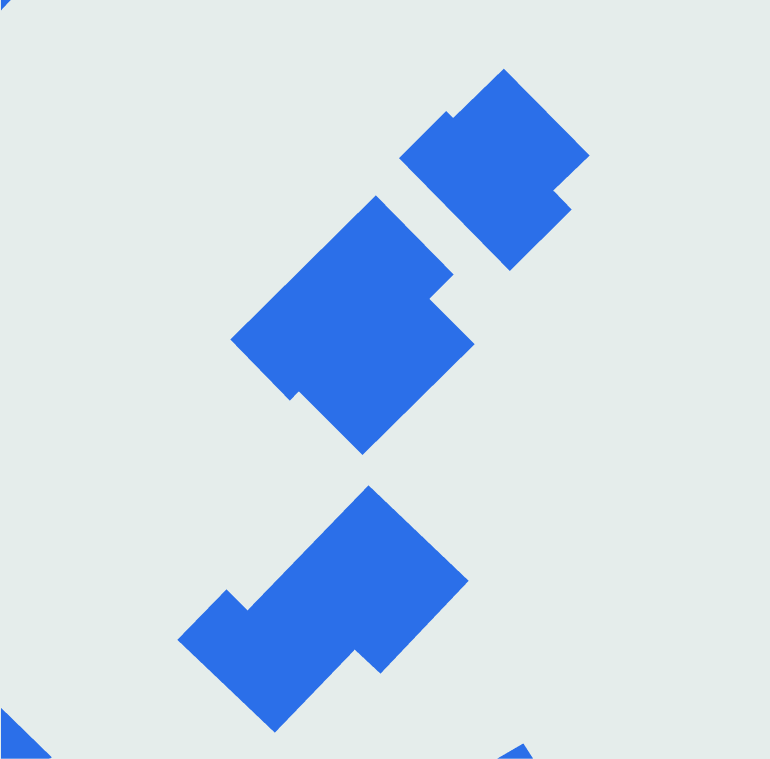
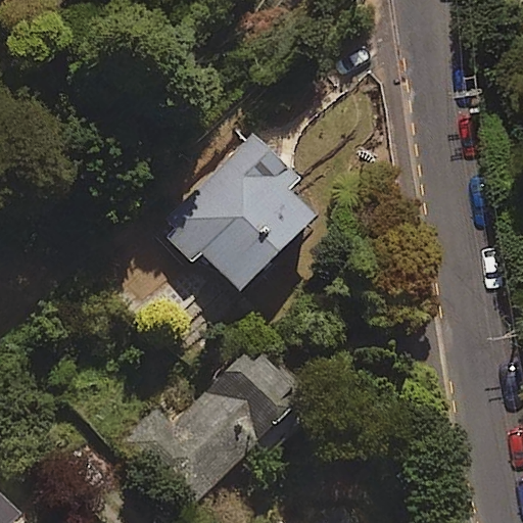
building: [398,68,590,272] -> none

